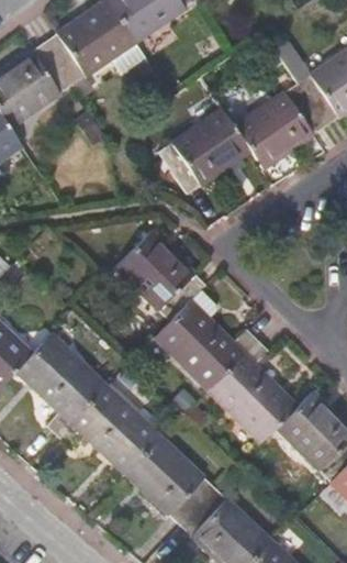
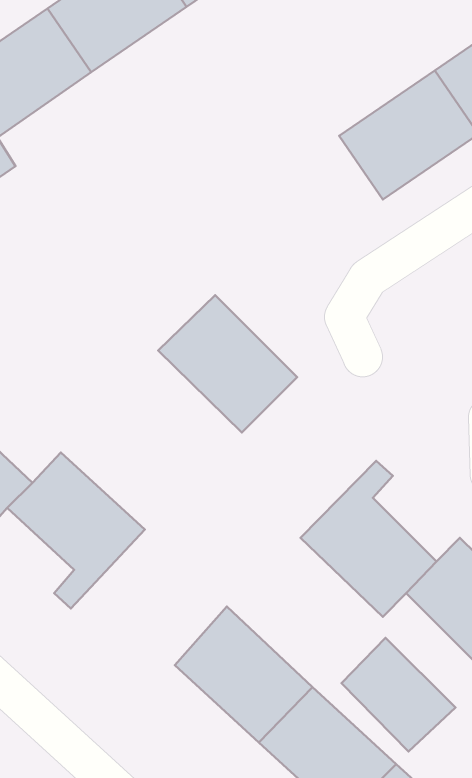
building: [158,108,250,195] -> none
building: [155,300,258,390] -> none
building: [58,385,160,474] -> none
building: none -> [342,638,455,751]

